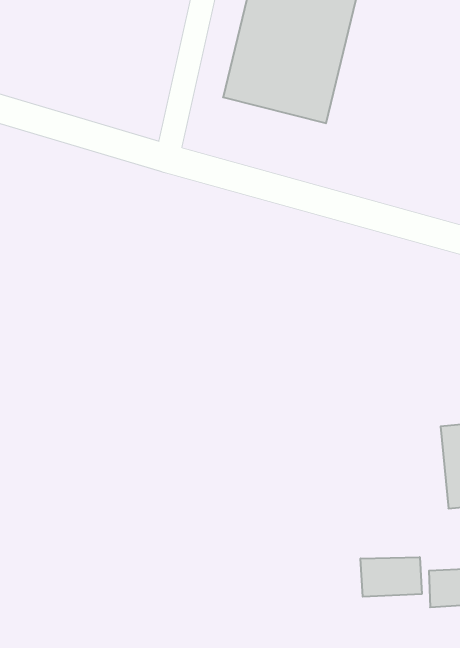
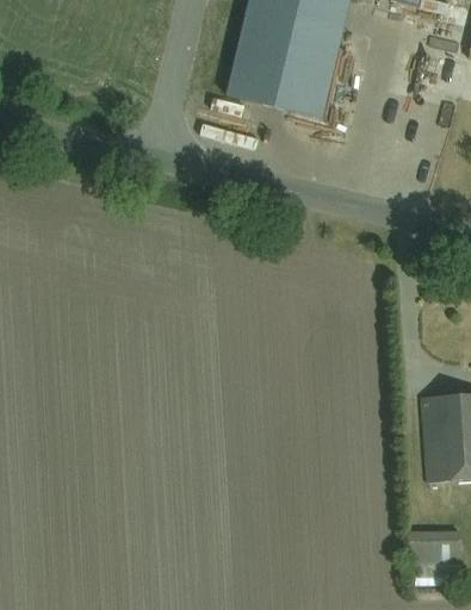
building: [361,557,422,597] -> none

